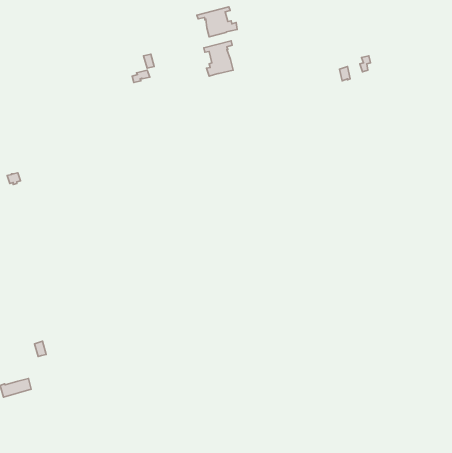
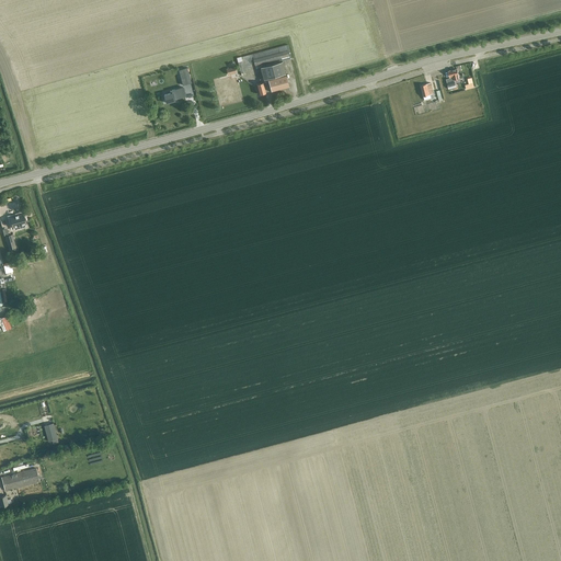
building: [197,7,237,37] -> none

